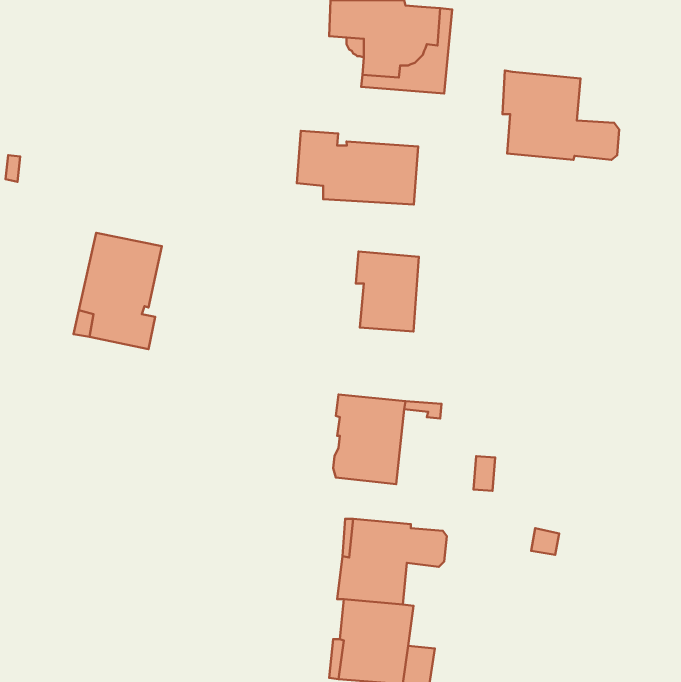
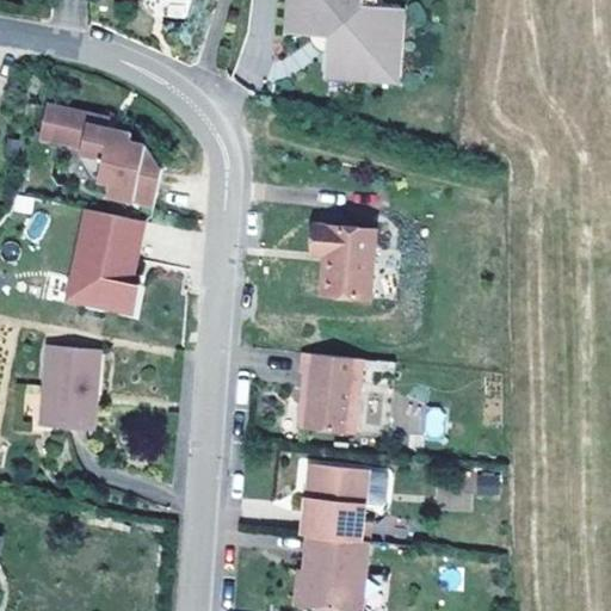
building: [502,70,619,160] -> none
building: none -> [38,105,161,208]
building: [297,131,418,205] -> none
building: none -> [41,347,98,428]

